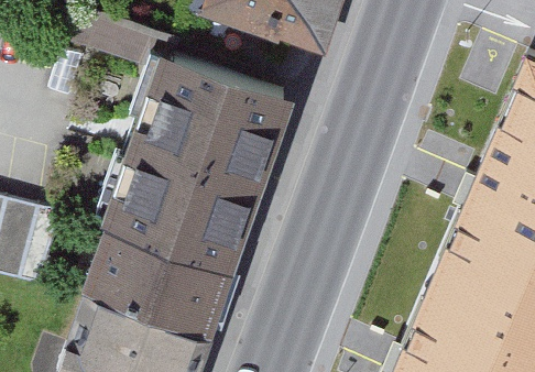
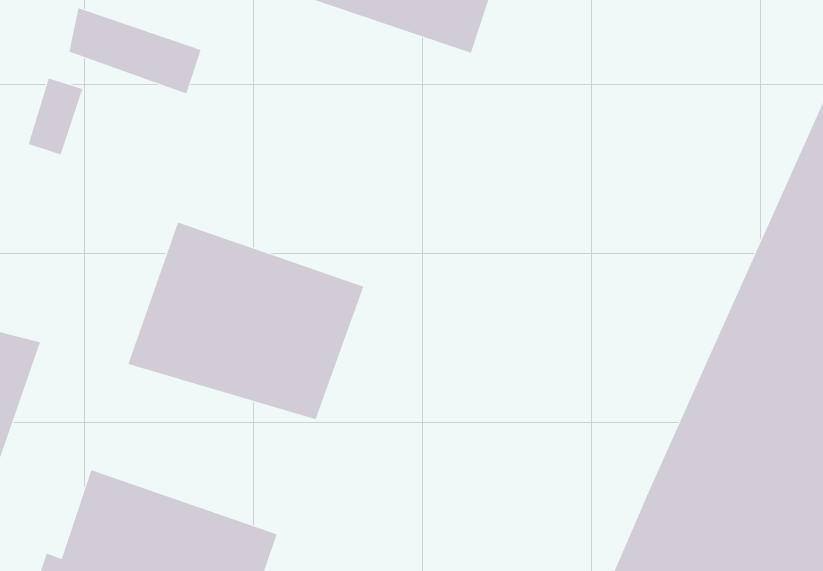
building: [143,56,283,178] -> none
building: [91,225,226,326] -> none

